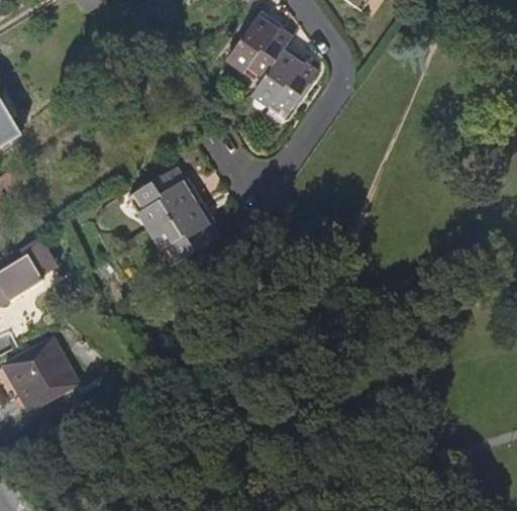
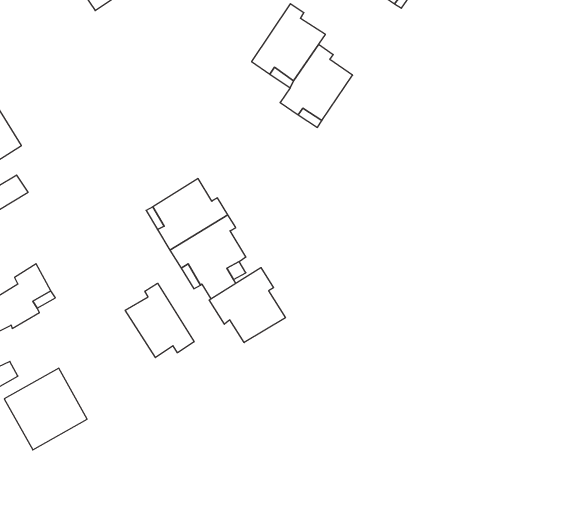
building: none -> [209,268,285,343]
building: none -> [125,283,194,358]

